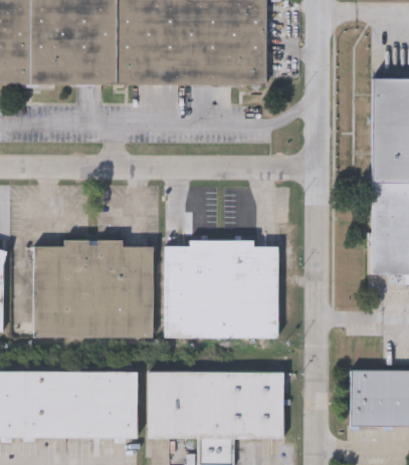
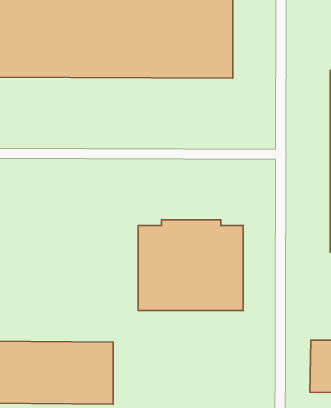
building: [33,238,153,337] -> none
building: [150,372,283,439] -> none

